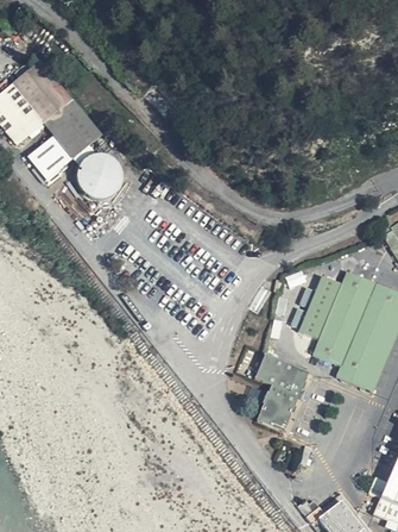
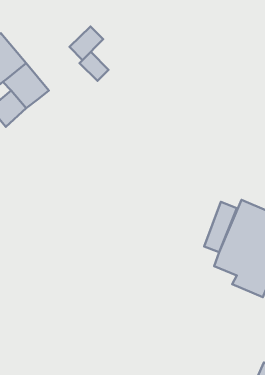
building: none -> [69,27,103,60]
building: [77,154,121,198] -> none
building: [257,356,310,433] -> none

